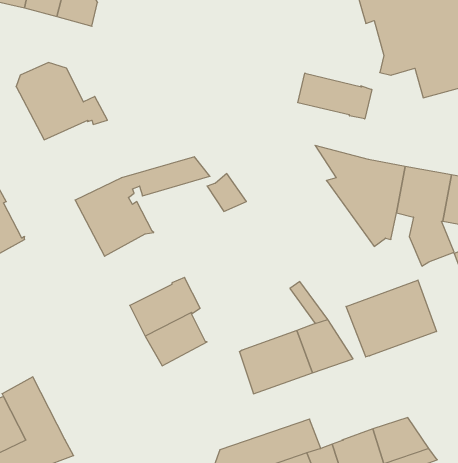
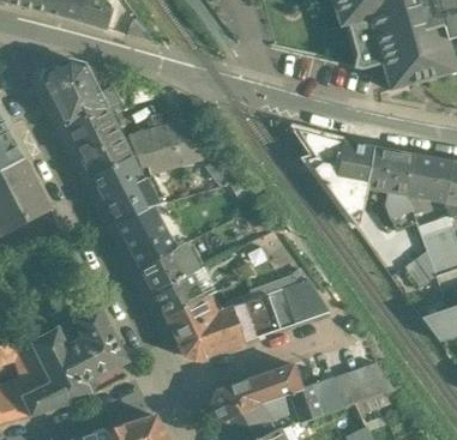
building: [298,73,372,119] -> none
building: none -> [66,108,194,176]
building: none -> [118,200,175,266]
building: [346,280,436,357] -> none
building: none -> [56,293,127,381]
building: none -> [167,295,245,358]

